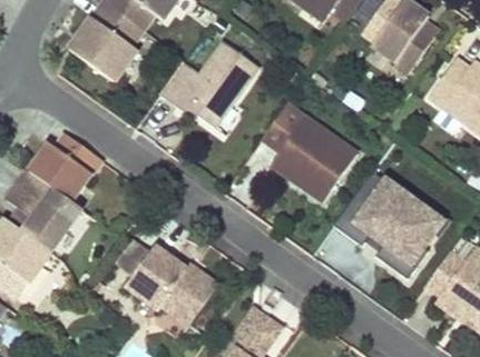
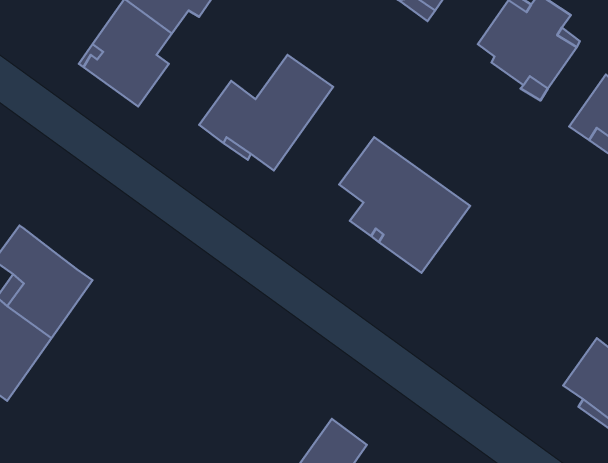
building: [30,133,100,200] -> none
building: [334,169,451,279] -> none
building: [127,246,219,325] -> none

